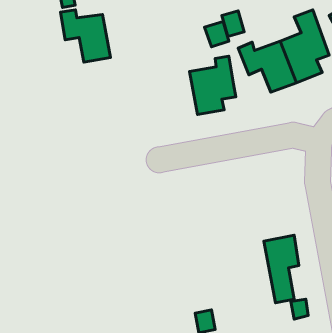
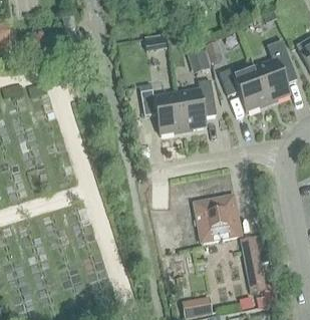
building: [60,10,111,62] -> [140,88,184,133]
building: none -> [195,195,241,241]

